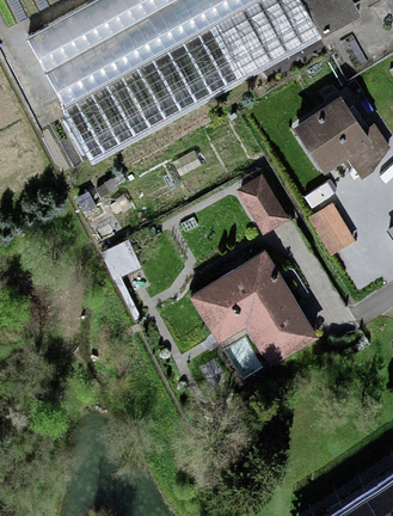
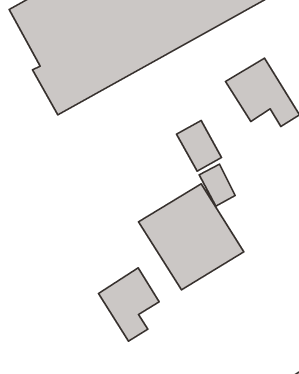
building: [309,203,354,254] -> [199,164,235,206]
building: none -> [98,268,159,341]

